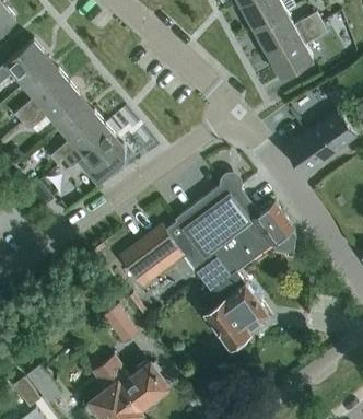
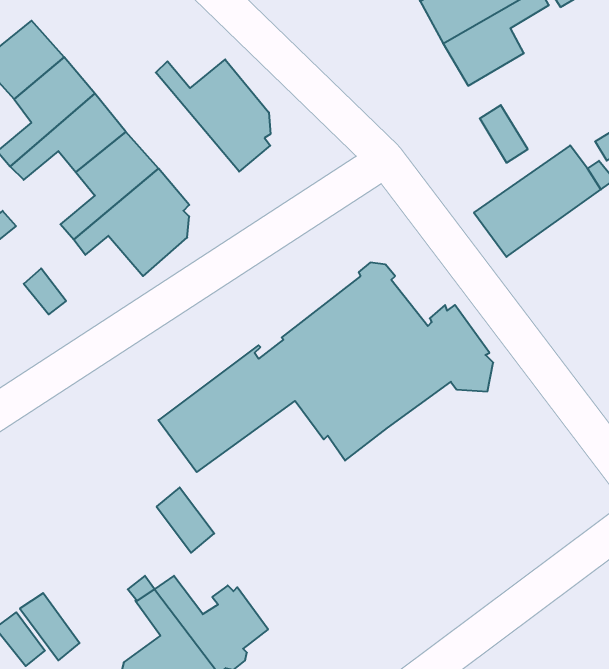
building: none -> [156,59,270,172]
building: [198,272,268,347] -> none

